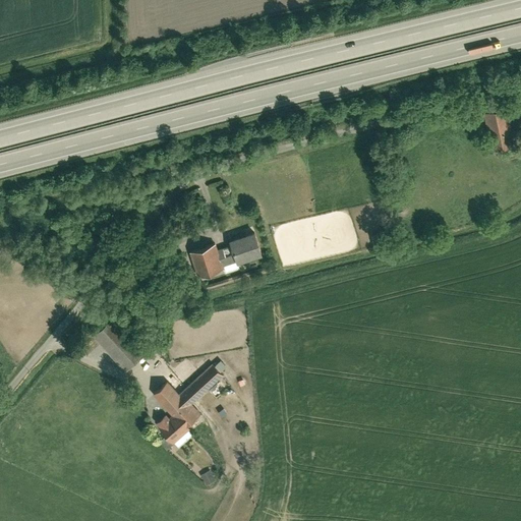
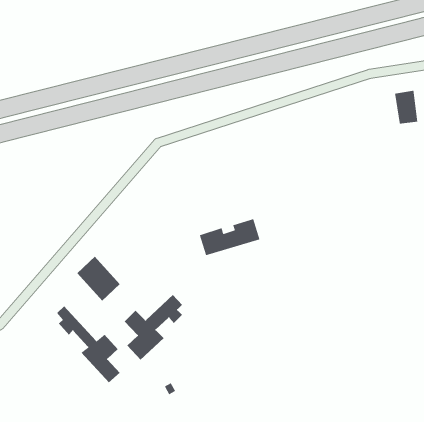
building: [187,233,263,280] -> [199,218,260,256]
building: none -> [56,306,120,383]

